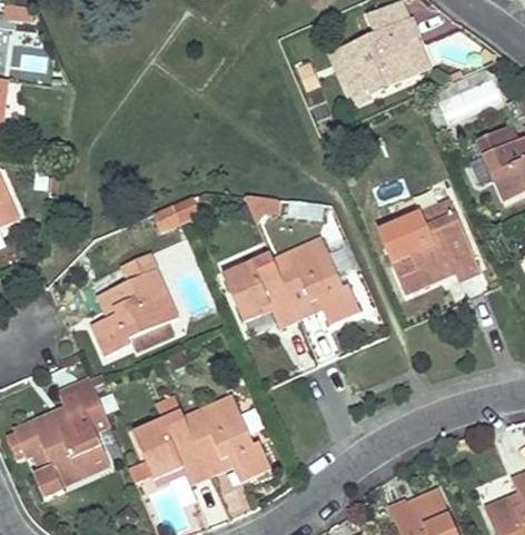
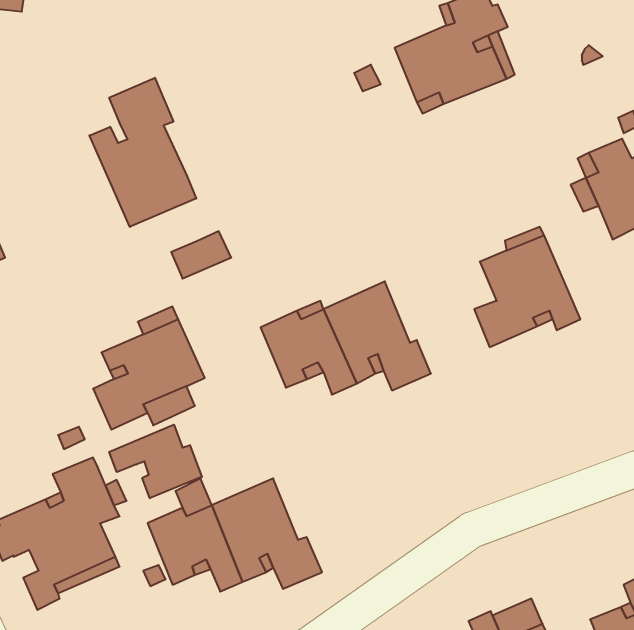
building: none -> [89,78,196,227]
building: none -> [109,425,202,498]

